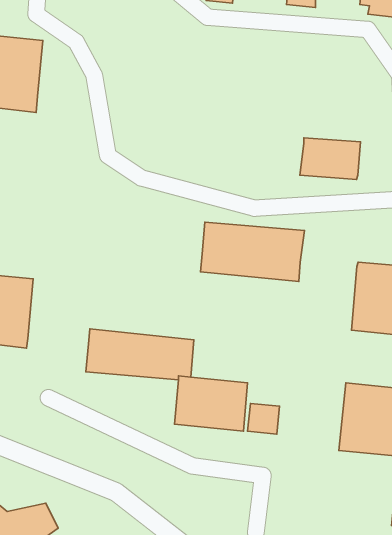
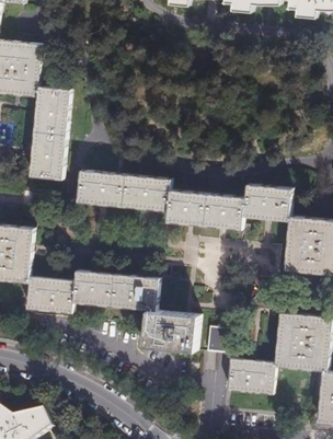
building: none -> [27,85,71,177]
building: [300,138,361,179] -> [244,187,292,220]
building: none -> [76,171,170,210]
building: none -> [25,277,77,315]
building: none -> [226,361,275,397]

